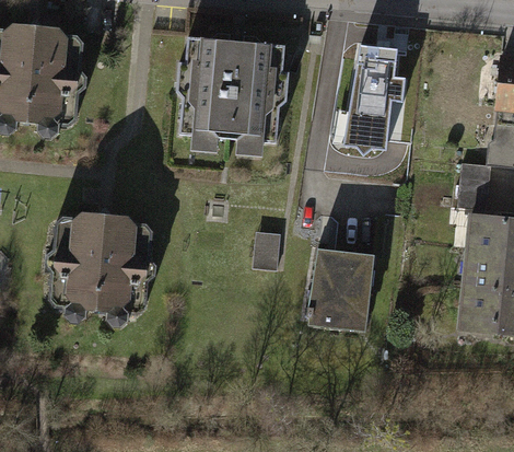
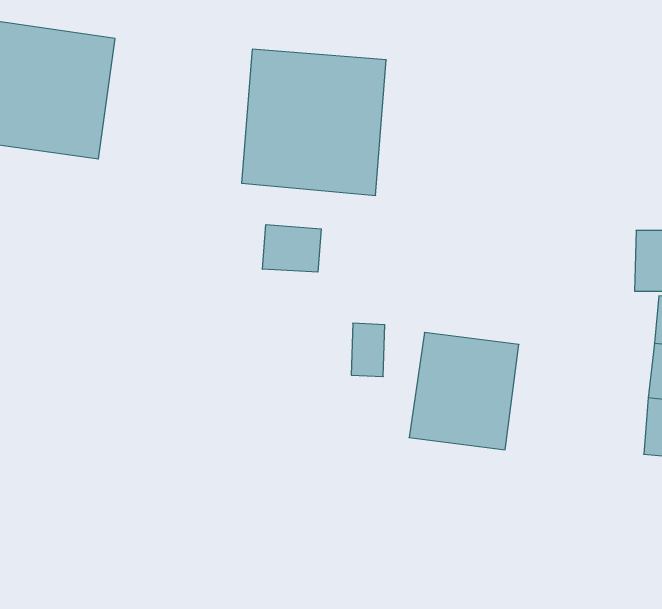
building: [343,46,404,157] -> none
building: none -> [262,225,321,272]
building: [49,212,159,316] -> none

